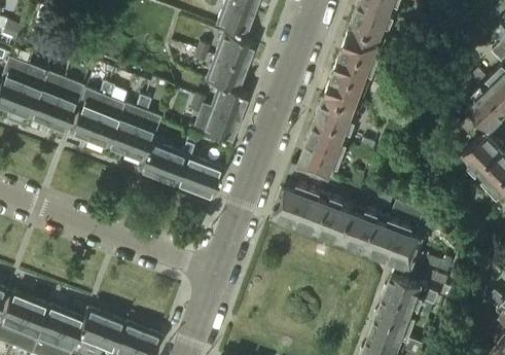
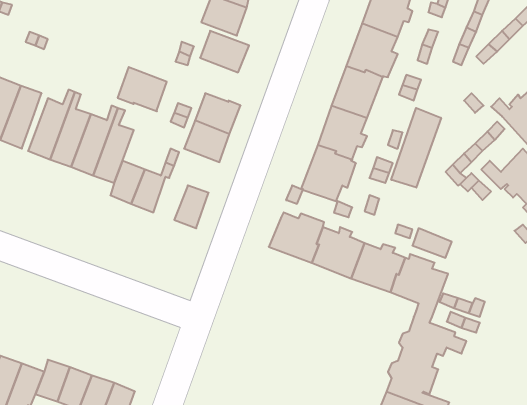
building: [206,57,247,94] -> [118,67,167,111]
building: none -> [391,108,441,188]
building: [176,156,205,192] -> none

